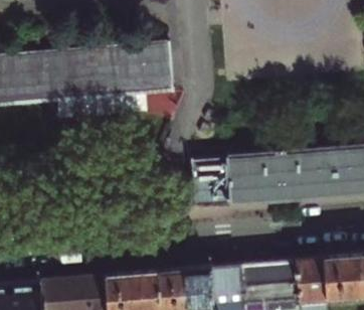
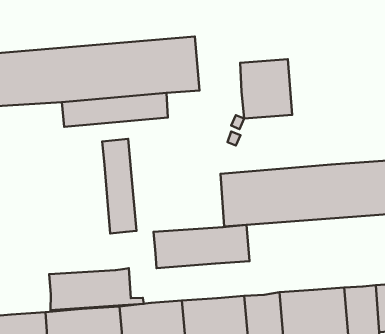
building: none -> [240,59,292,119]
building: none -> [102,139,137,233]
building: none -> [153,225,249,268]
building: none -> [49,268,144,310]

